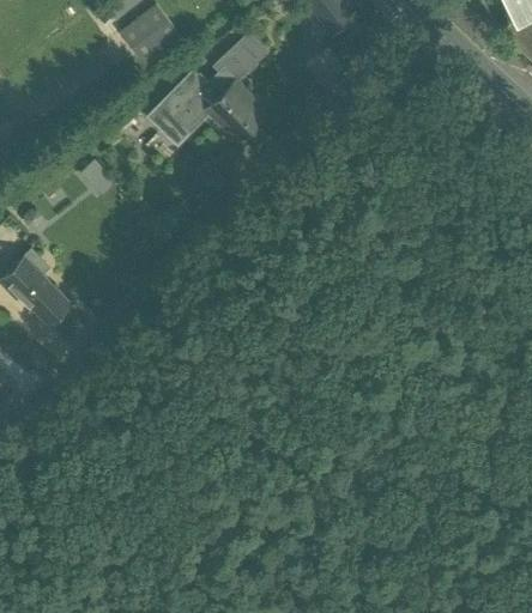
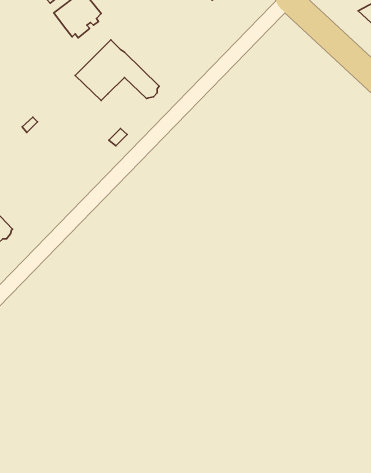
building: [210,31,270,125] -> none

